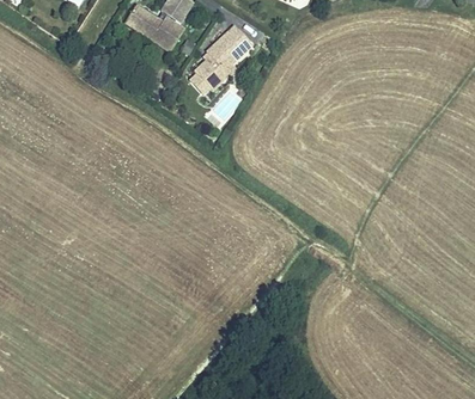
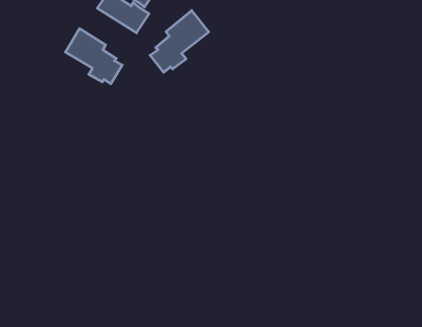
building: none -> [65,29,122,84]

